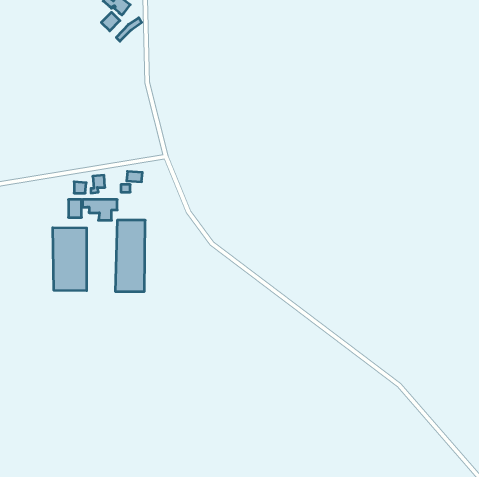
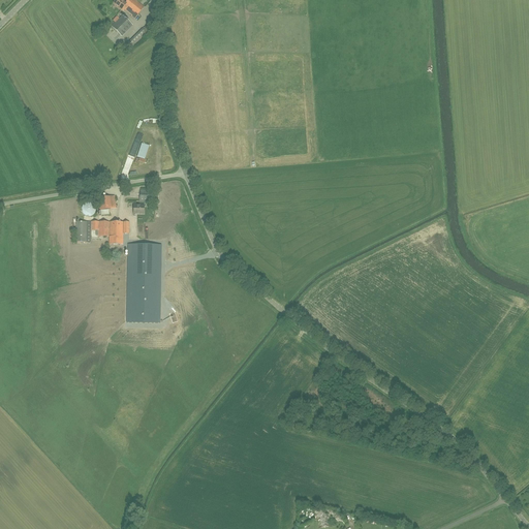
building: [53,228,87,291] -> none

